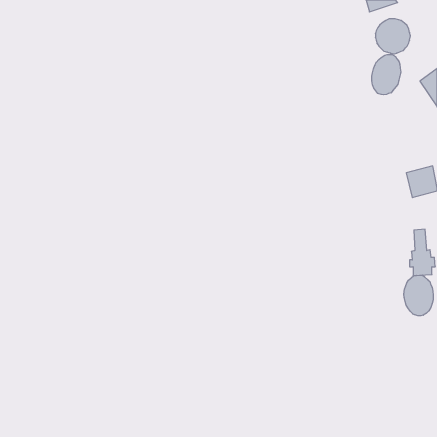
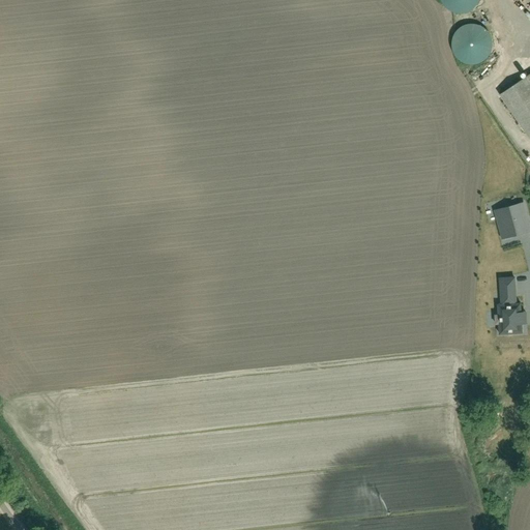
building: [372,54,401,95] -> none
building: [404,275,433,316] -> none

